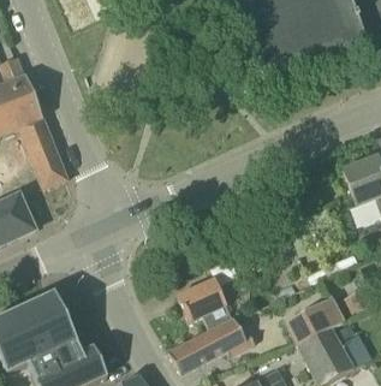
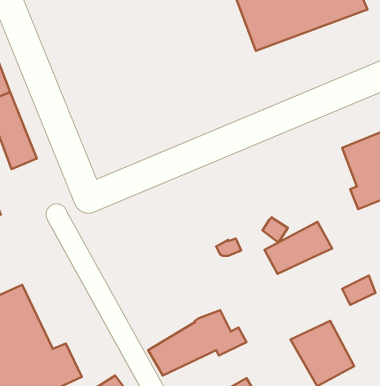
building: [178,278,233,326] -> none
building: [285,296,346,343] -> [264,222,332,274]

